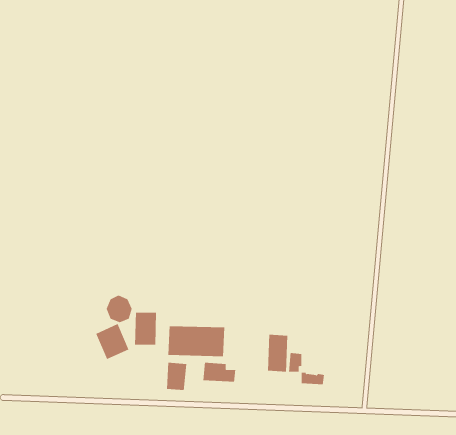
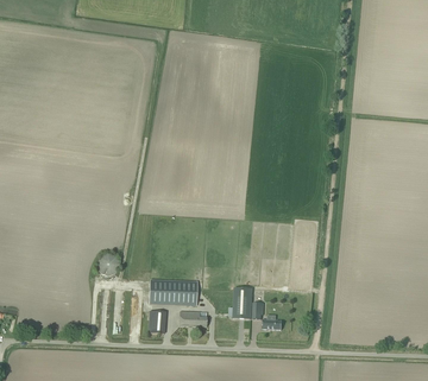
building: [135,312,157,346] -> none
building: [96,323,129,360] -> none

